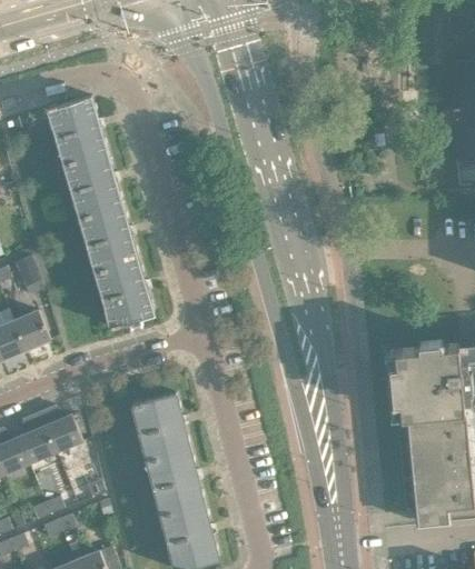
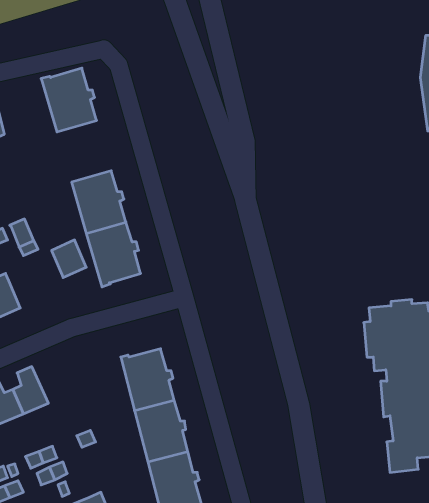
building: [63,153,121,219] -> none
building: [12,312,49,352] -> [52,240,86,278]
building: [37,408,81,453] -> none

